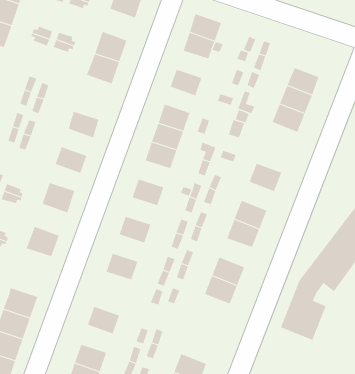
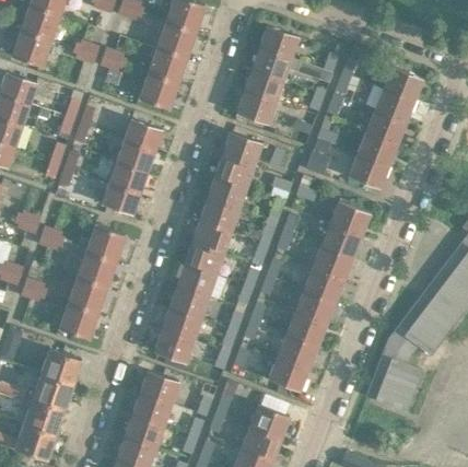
building: none -> [157,21,197,58]
building: none -> [384,68,422,101]
building: none -> [245,70,283,102]
building: none -> [124,119,162,151]
building: none -> [349,154,388,188]
building: none -> [109,162,148,194]
building: none -> [200,199,238,231]
building: none -> [321,224,361,258]
building: none -> [185,243,223,275]
building: none -> [78,250,117,288]
building: none -> [169,287,208,318]
building: none -> [295,291,335,325]
building: none -> [59,303,98,339]
building: none -> [154,330,192,362]
building: none -> [269,357,308,390]
building: none -> [132,393,171,425]
building: none -> [250,405,290,439]

